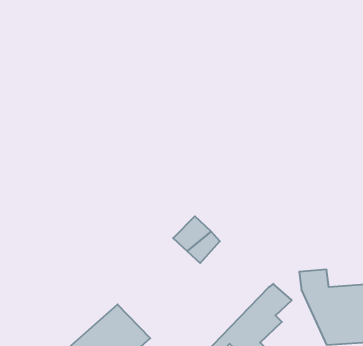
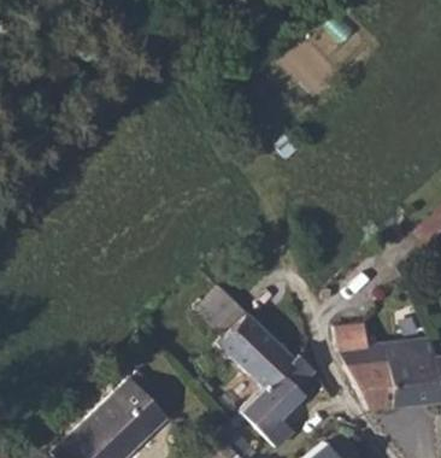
building: none -> [219,299,301,381]

